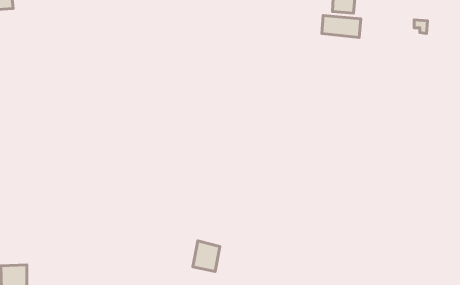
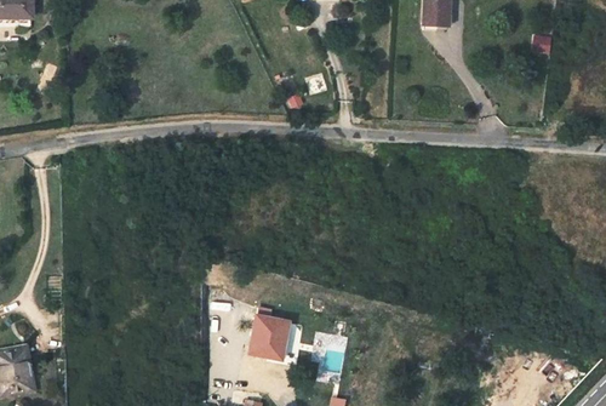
building: [322,15,361,37] -> none

